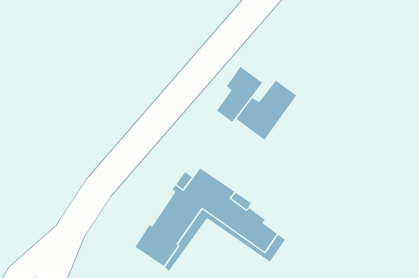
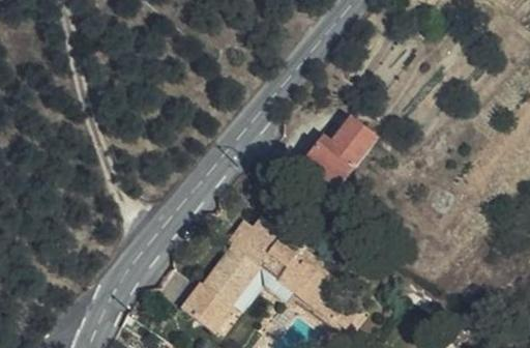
building: [216,66,263,123] -> none

